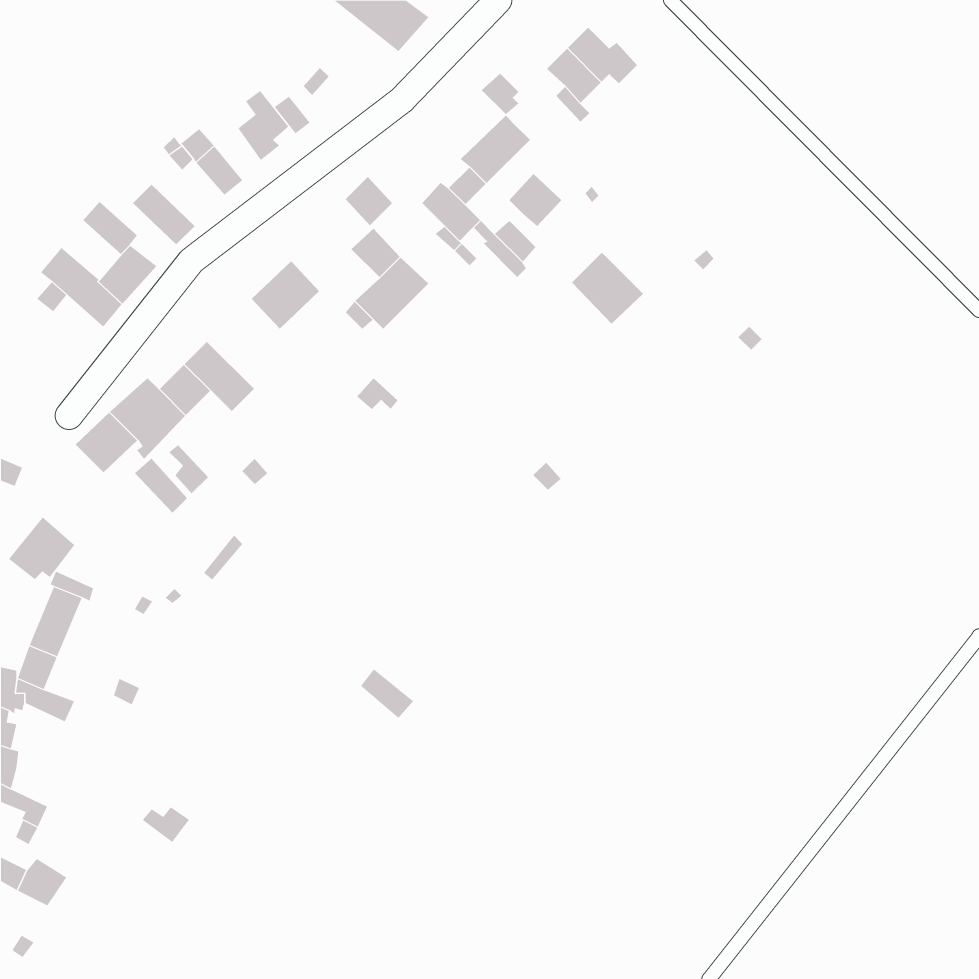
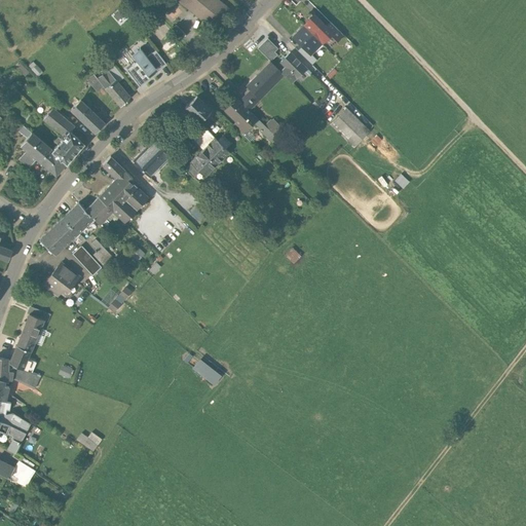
building: [509,173,562,227] -> [277,53,306,82]
building: [571,252,644,325] -> [331,109,370,148]
building: none -> [103,155,148,209]
building: [8,517,75,580] -> [43,262,79,296]

